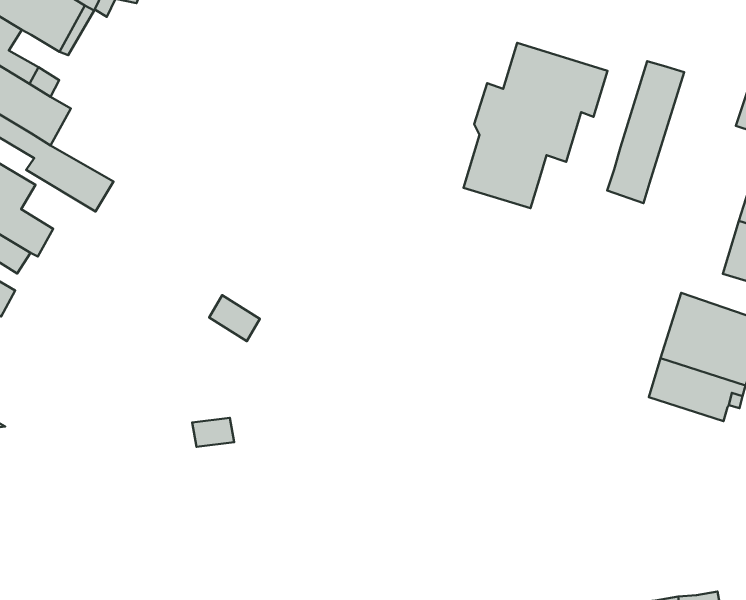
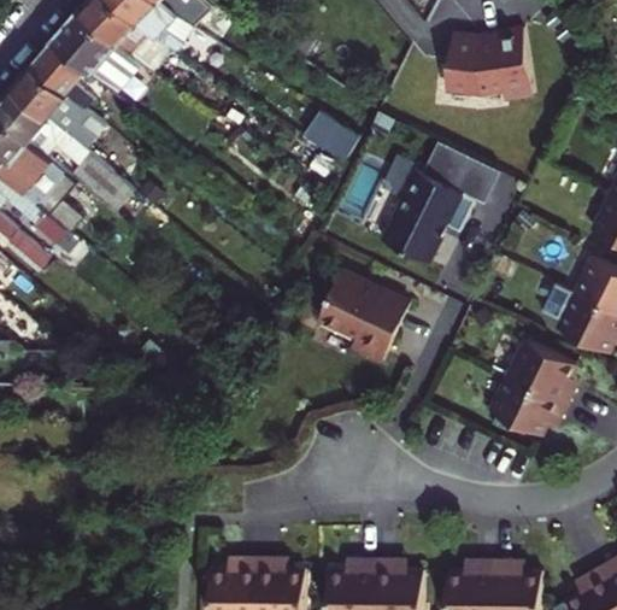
building: none -> [301,110,359,162]
building: [607,61,684,203] -> none
building: none -> [318,269,410,360]

